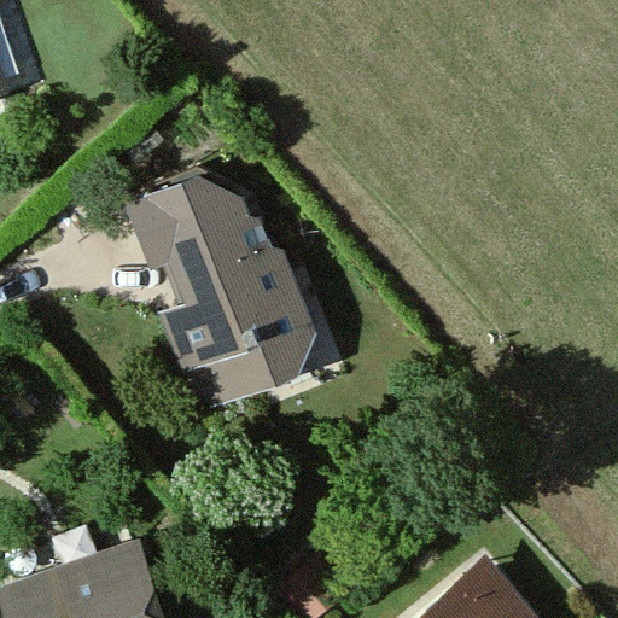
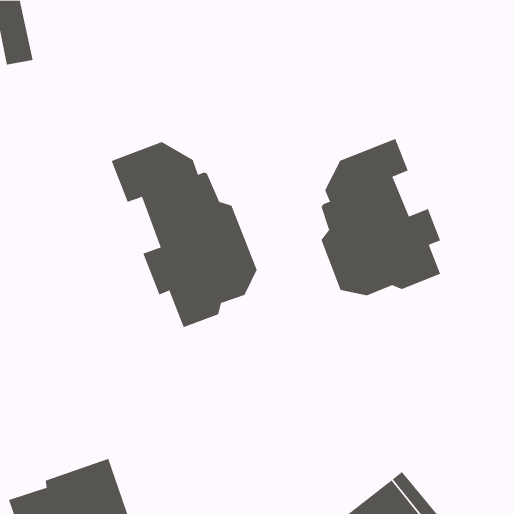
building: none -> [321,138,441,296]

